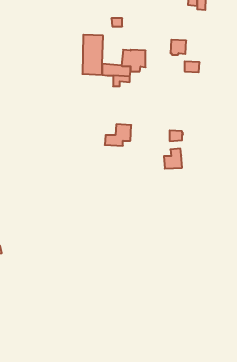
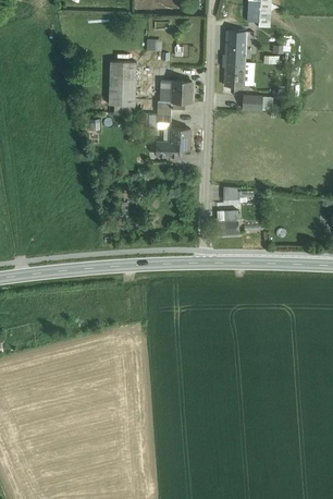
building: none -> [225,33,247,69]
building: [105,124,131,146] -> [156,129,190,157]

